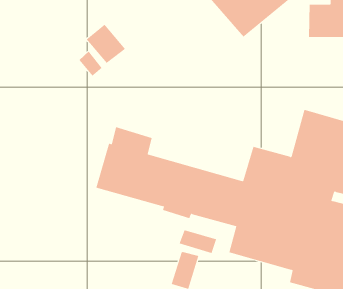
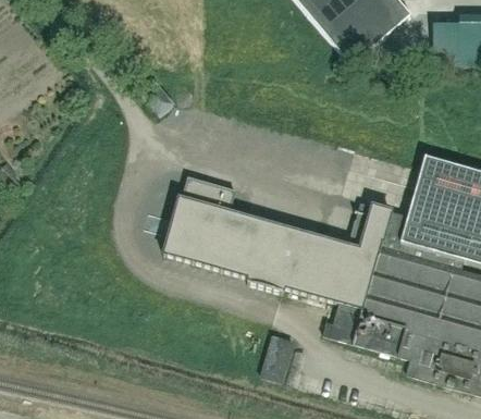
building: [86,24,126,64] -> none
building: [179,229,217,254] -> none

